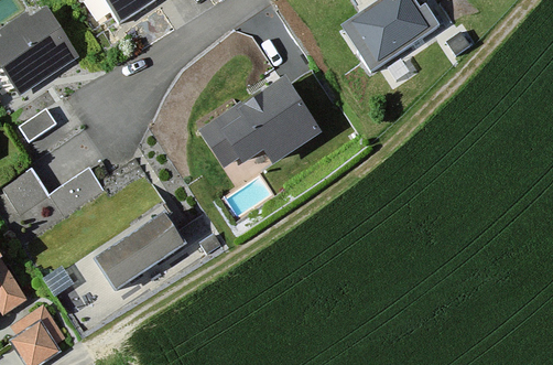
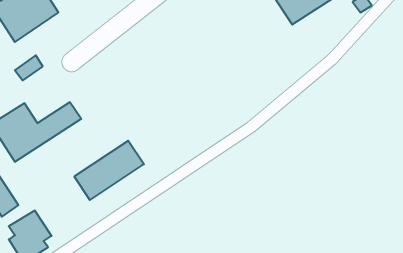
building: [200,83,321,164] -> none

